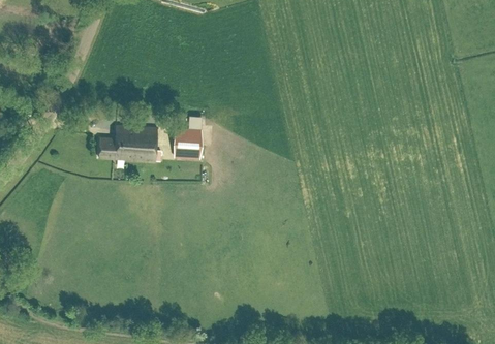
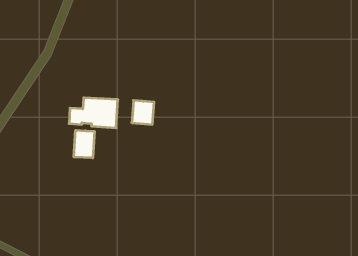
building: none -> [74,130,94,158]

